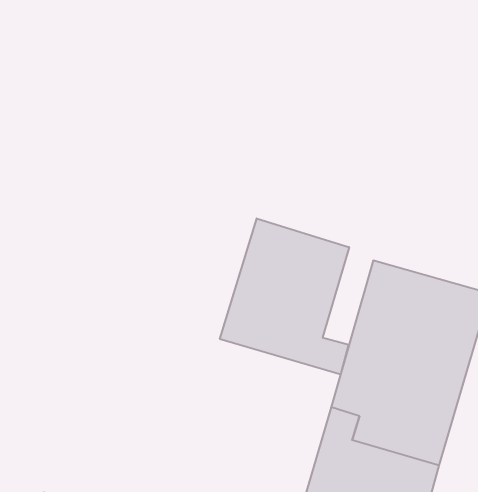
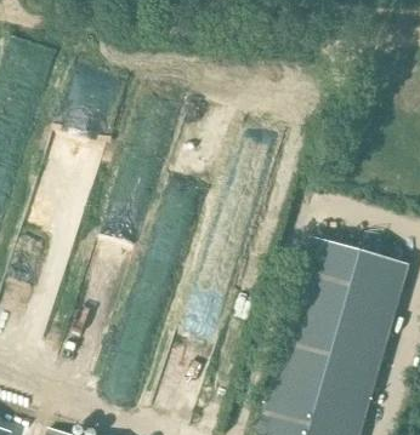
building: [220,218,349,374] -> none

